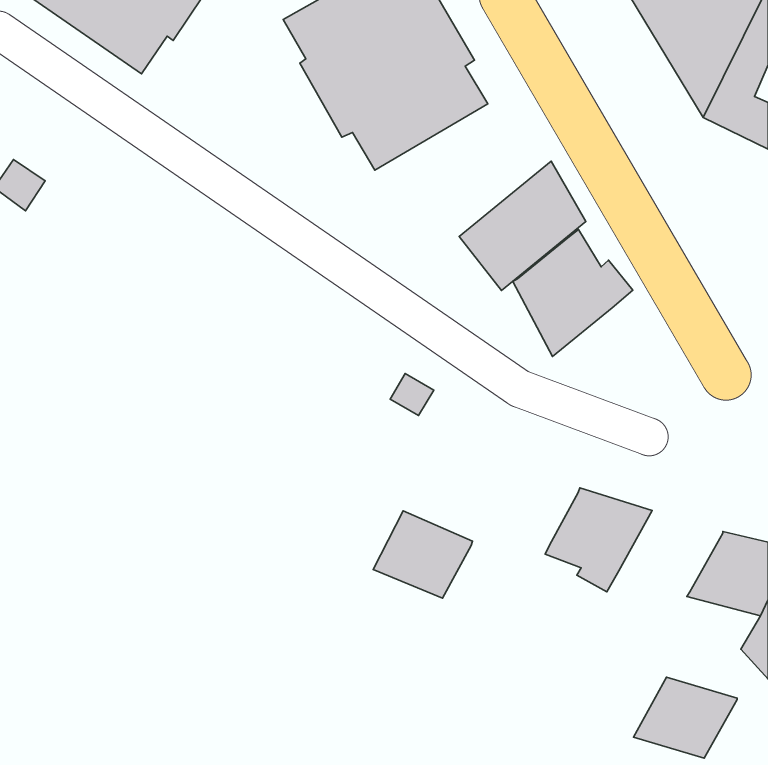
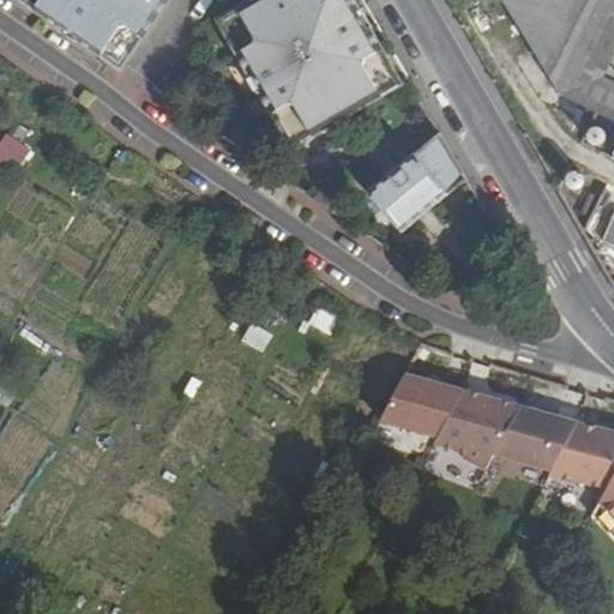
building: [513,230,633,356] -> none
building: [373,511,473,598] -> [383,365,462,434]
building: [633,677,737,758] -> [493,407,576,471]

